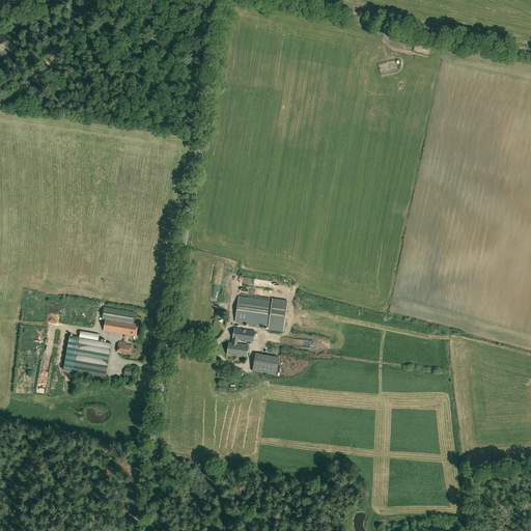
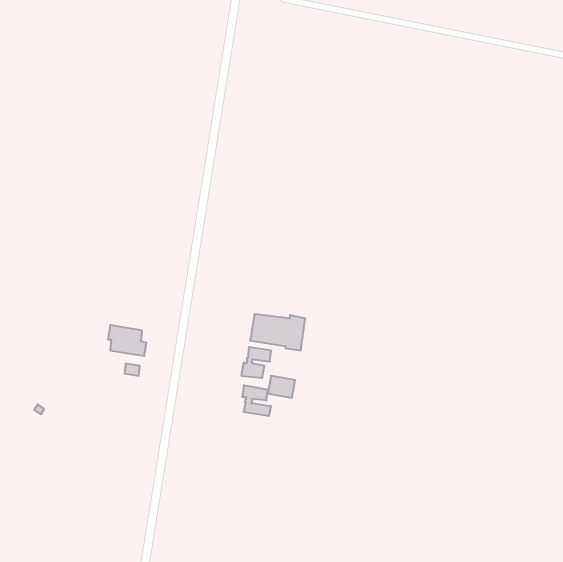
building: [64,330,112,376] -> none
building: none -> [243,385,271,416]

